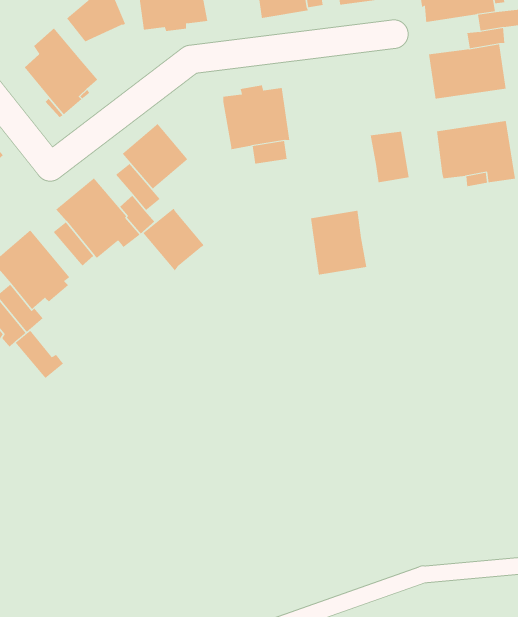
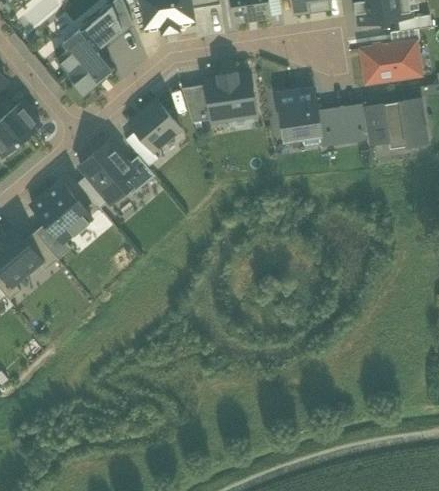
building: none -> [79,22,130,54]
building: none -> [183,85,212,122]
building: none -> [341,103,371,142]
building: [142,208,205,271] -> none
building: [310,210,367,275] -> [278,89,321,138]
building: [15,330,64,379] -> none

